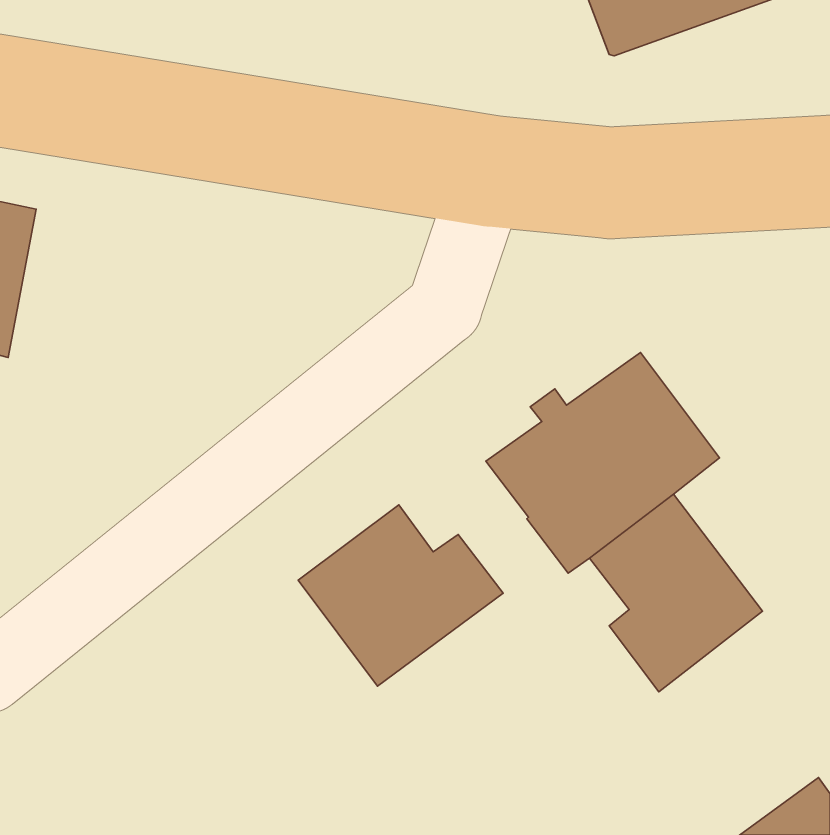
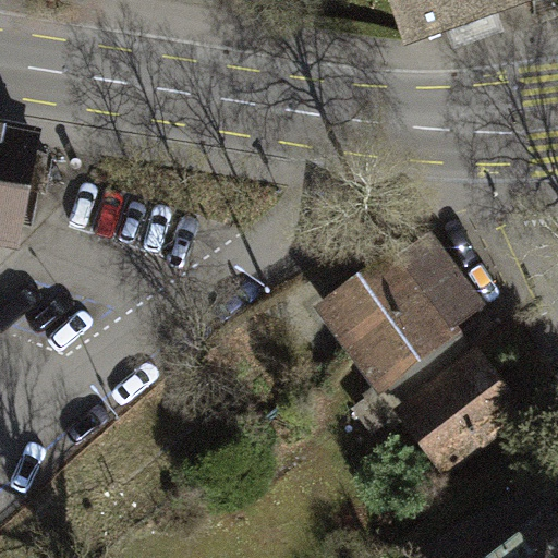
building: [298,505,503,686] -> none

